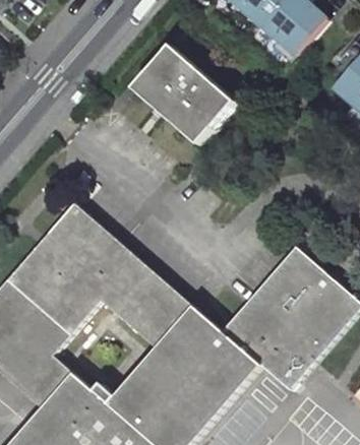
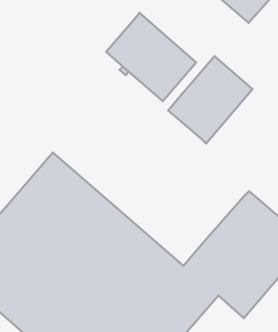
building: none -> [168,56,253,143]

